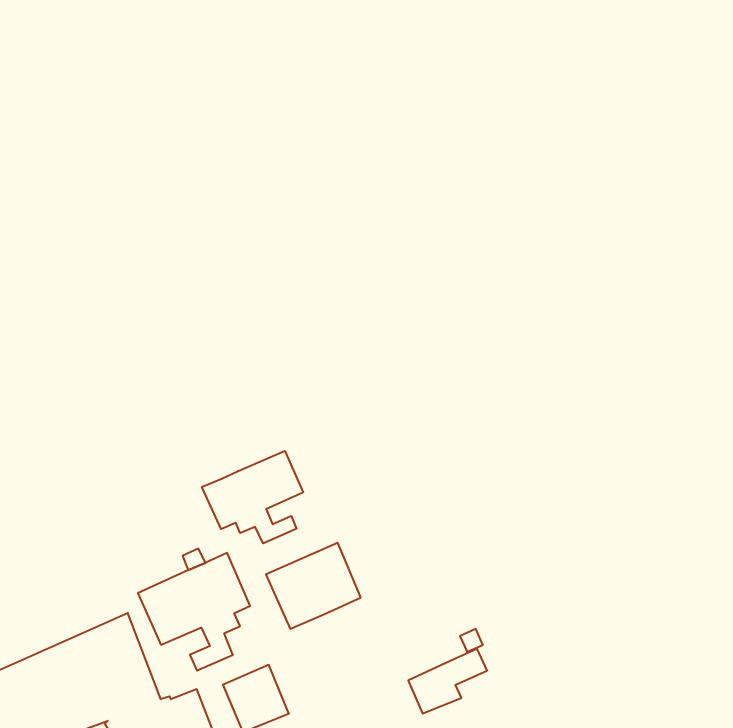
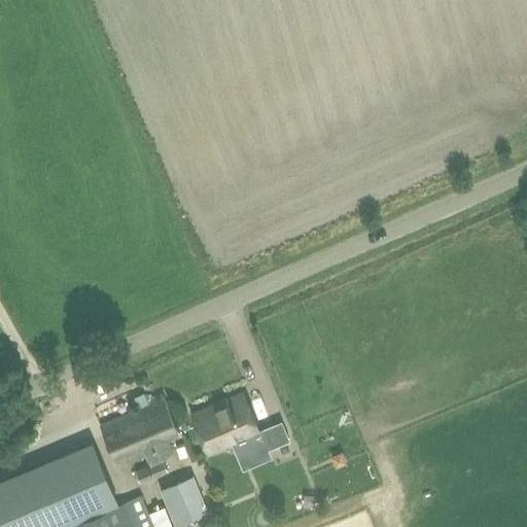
building: [202,451,303,543] -> none
building: [408,649,487,714] -> [232,422,288,468]

